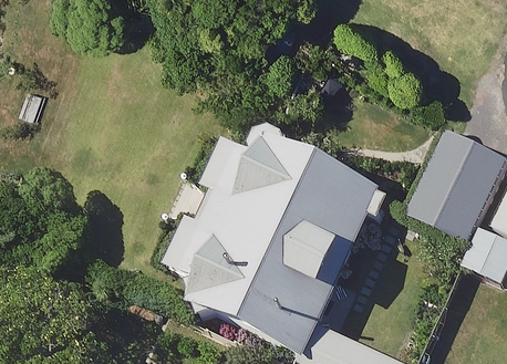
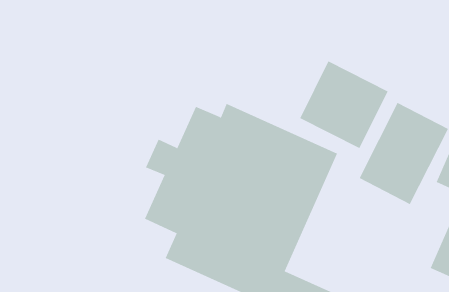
building: none -> [299,61,388,149]

